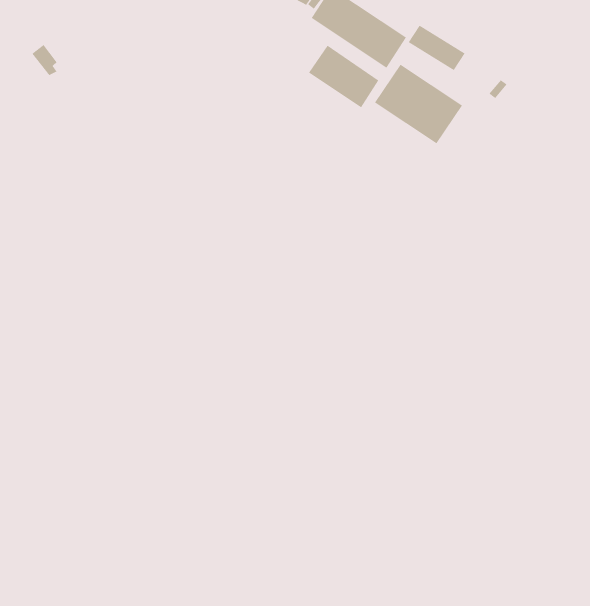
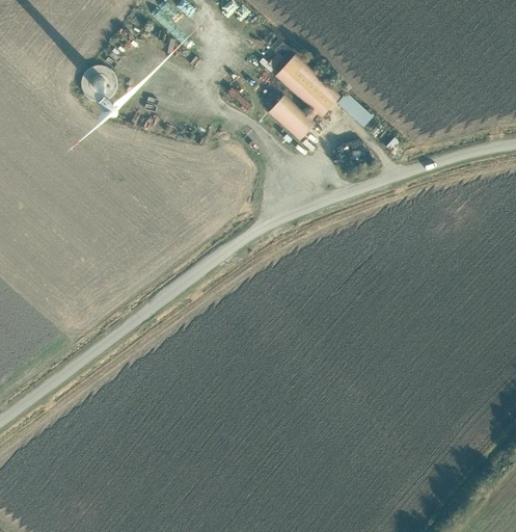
building: [374,64,463,144] -> none

